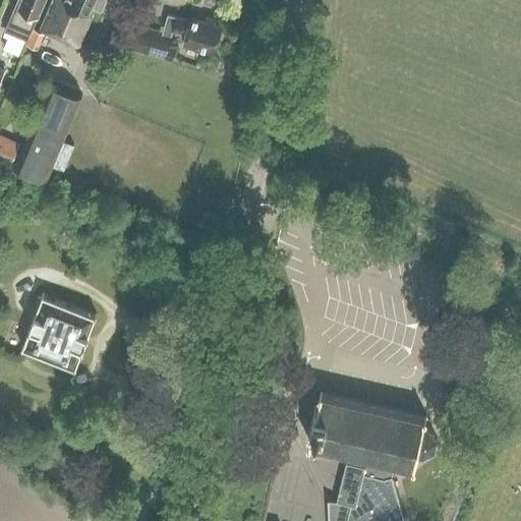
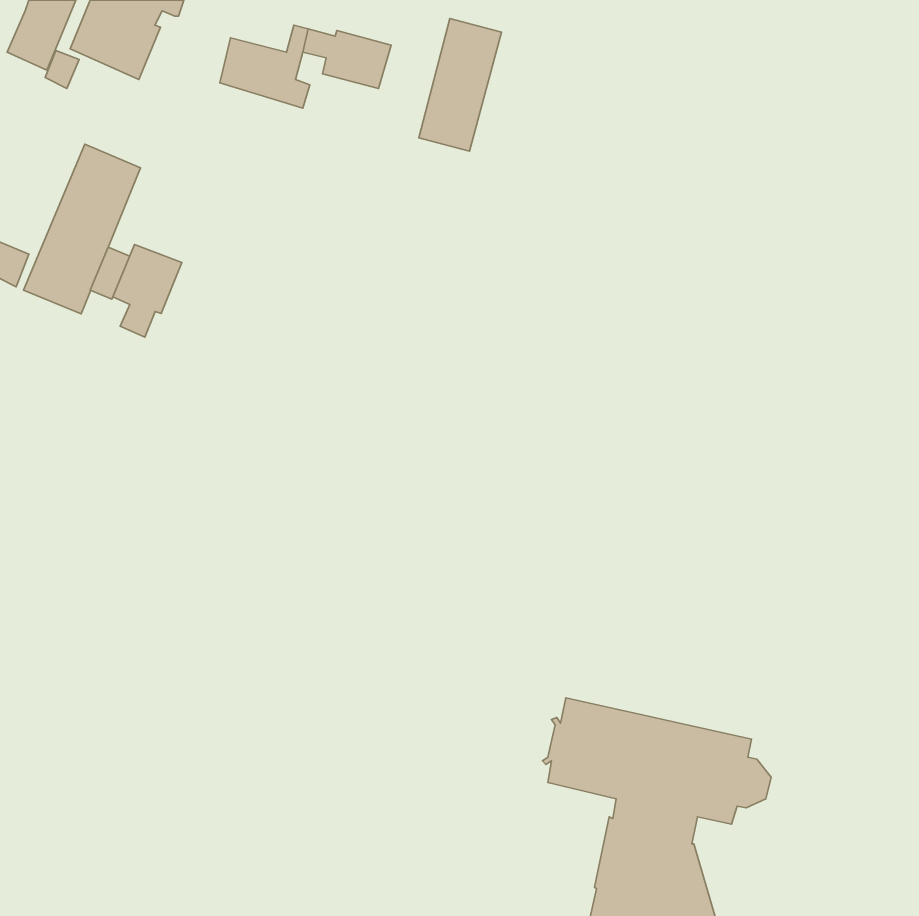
building: none -> [419,18,501,151]
building: none -> [113,244,182,337]
building: [22,297,94,369] -> none

